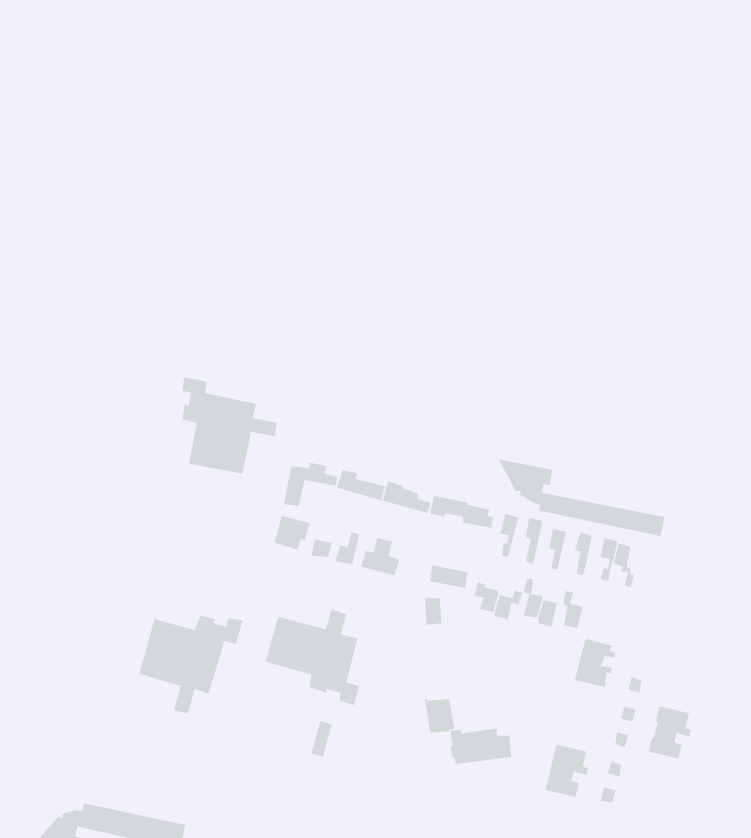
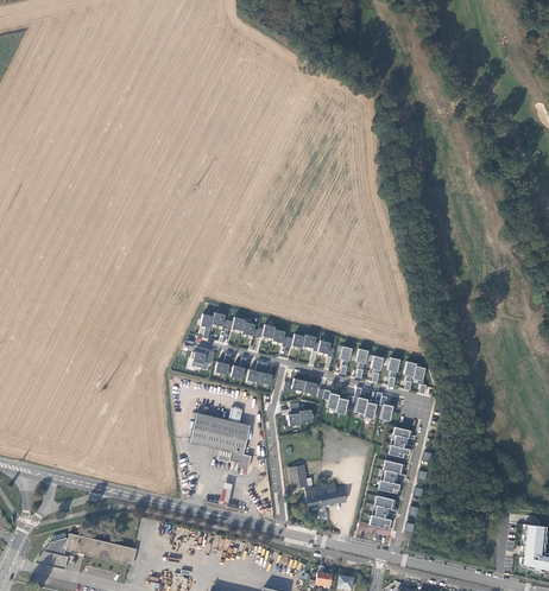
building: [182,377,277,475] -> none
building: [498,459,665,537] -> none
building: [139,615,243,714] -> none
building: [648,706,692,759] -> [377,459,405,494]

